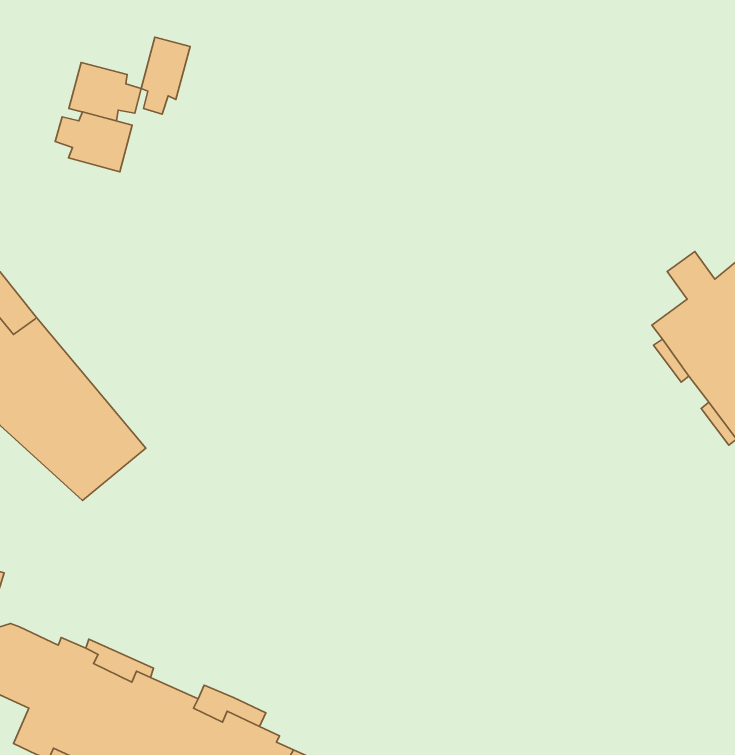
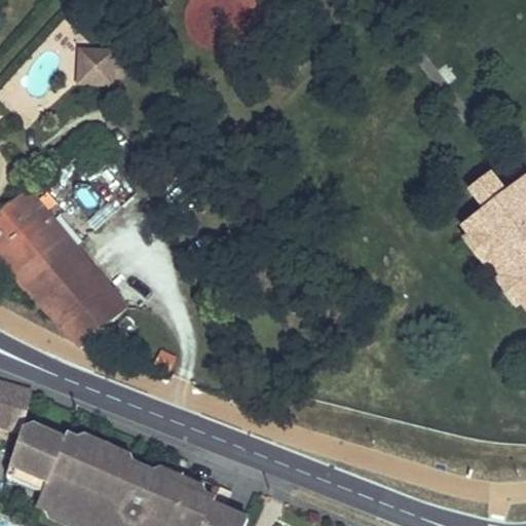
building: [141,37,190,114] -> none
building: [55,112,132,172] -> none

